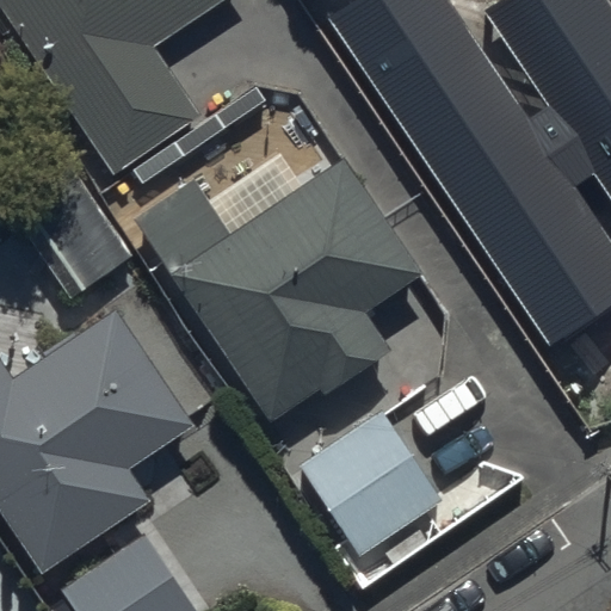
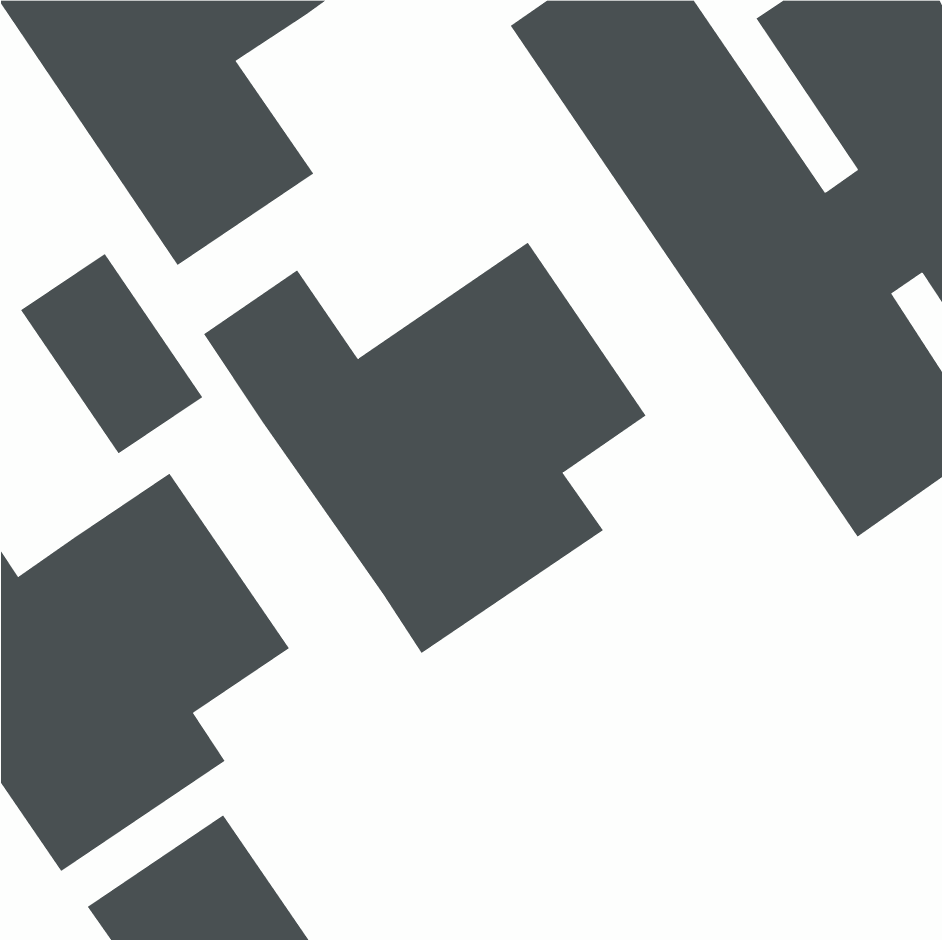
building: [295,409,443,556] -> none

